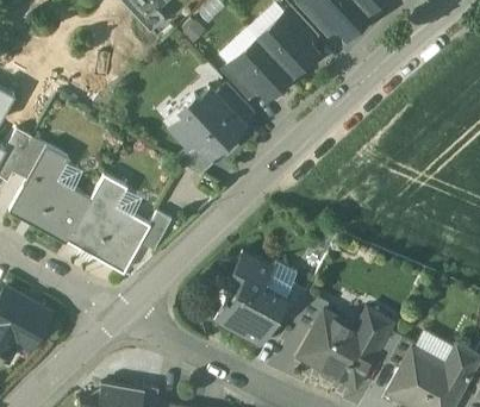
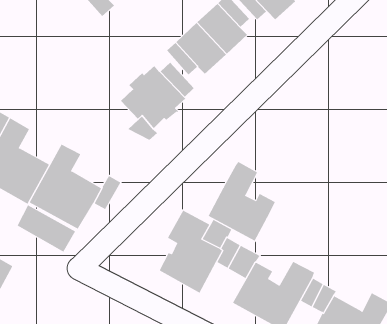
building: none -> [208,161,276,242]
building: none -> [17,204,76,253]

